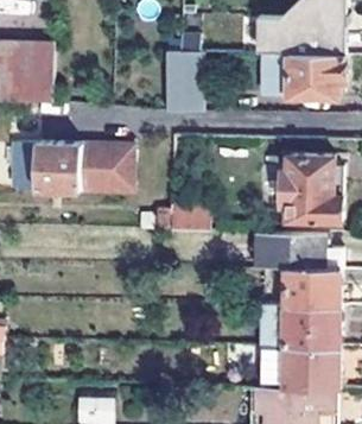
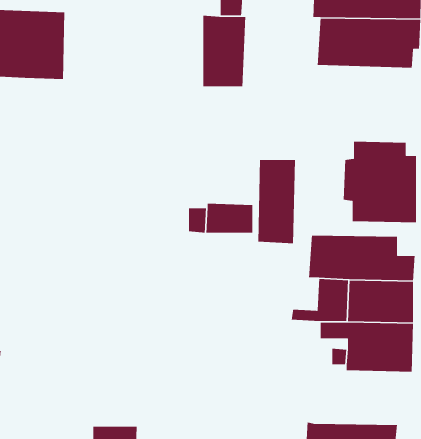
building: [19,147,131,194] -> none
building: none -> [257,159,296,244]
building: [259,343,339,388] -> none

